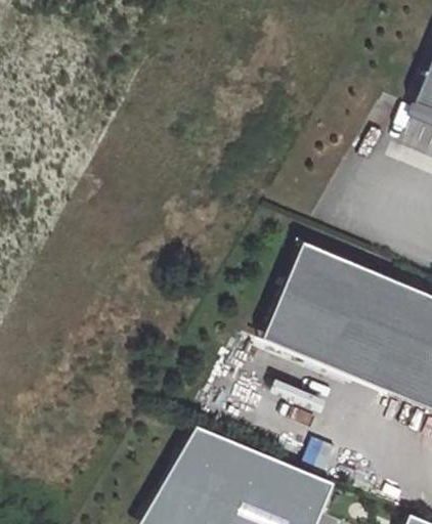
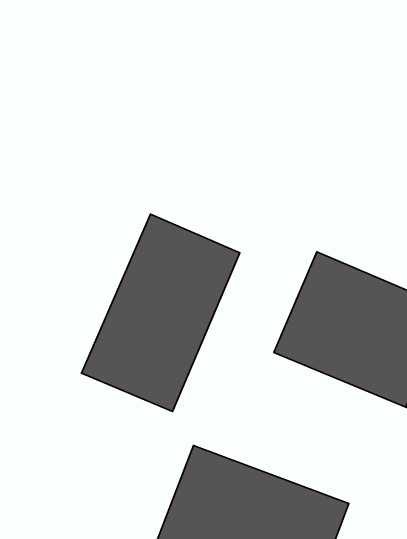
building: none -> [82,214,240,412]

